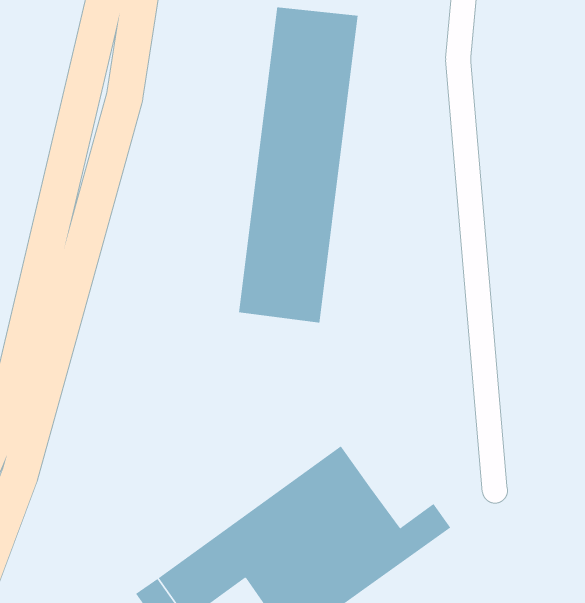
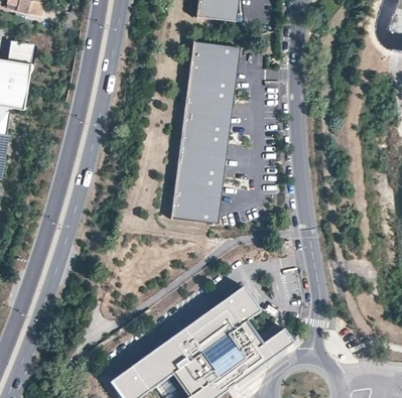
building: none -> [230,285,260,318]

